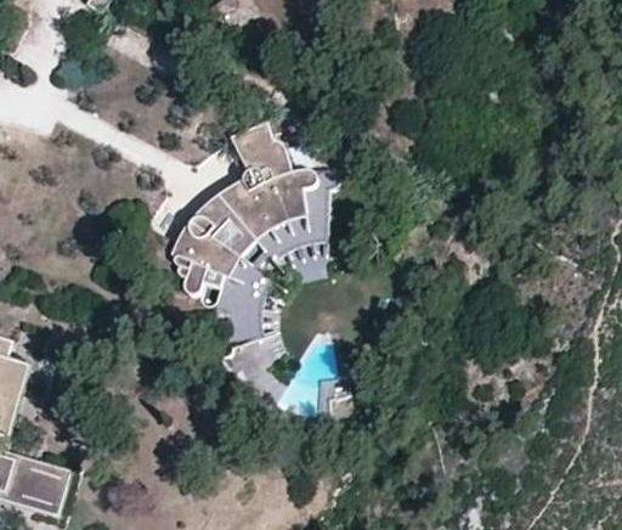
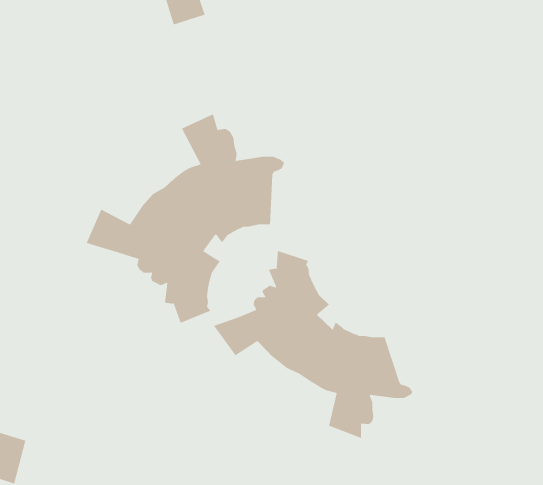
building: none -> [213,250,413,439]

